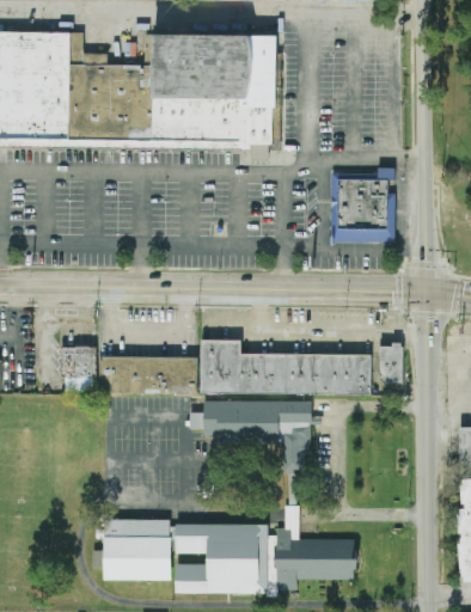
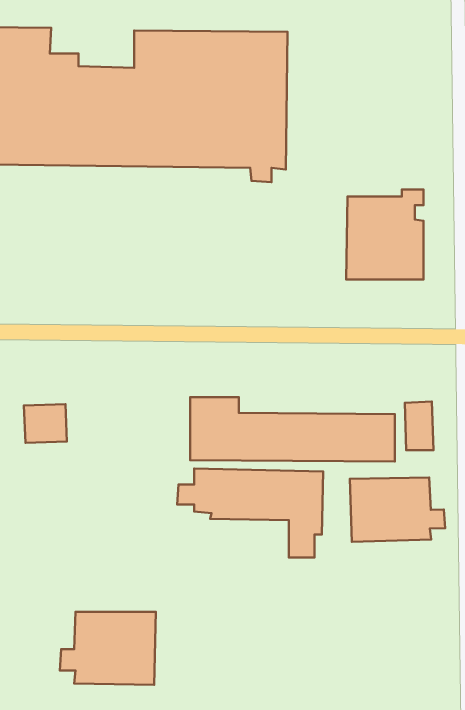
building: [91,356,198,393] -> none
building: none -> [350,478,445,542]
building: [176,506,355,593] -> none

